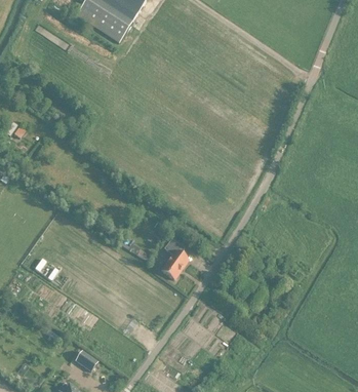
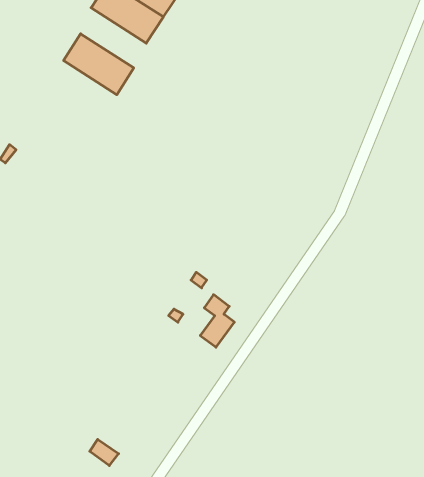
building: none -> [64,34,134,95]

